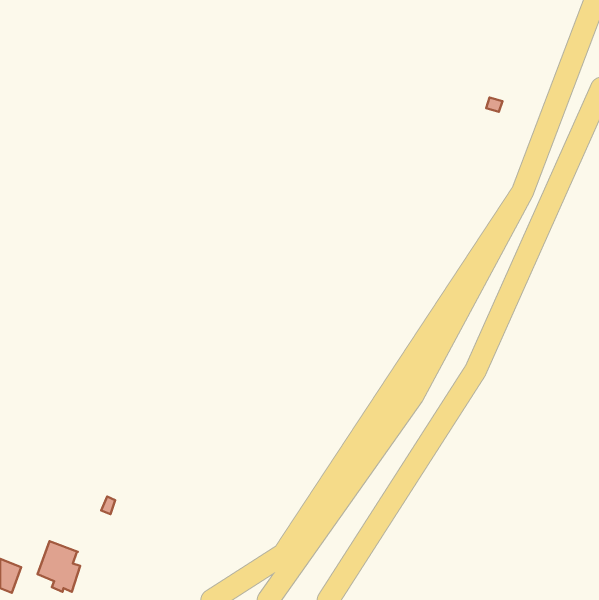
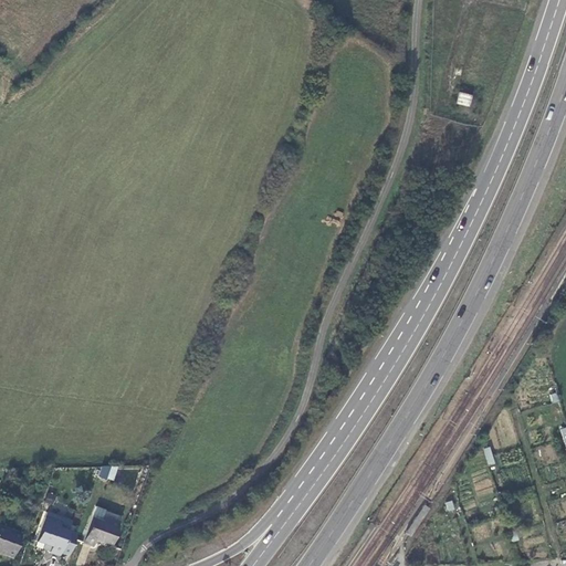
building: none -> [84,516,120,546]

